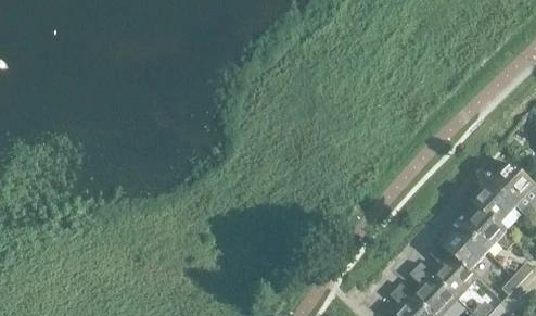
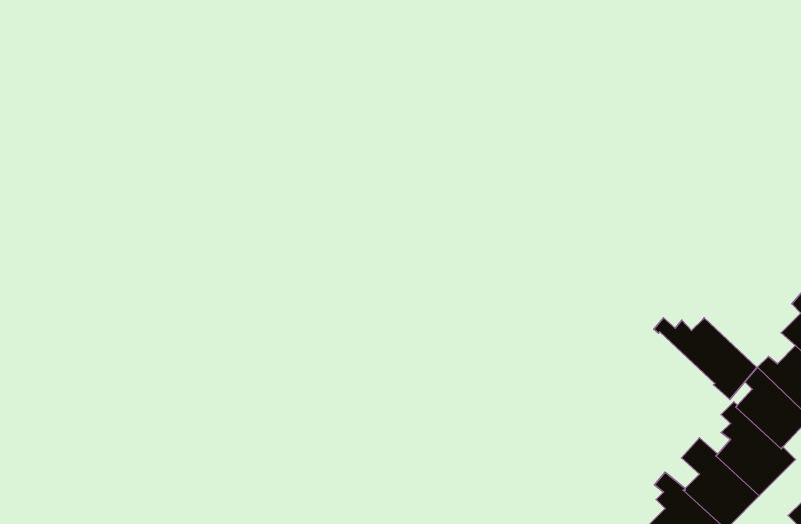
building: none -> [654,318,757,400]

